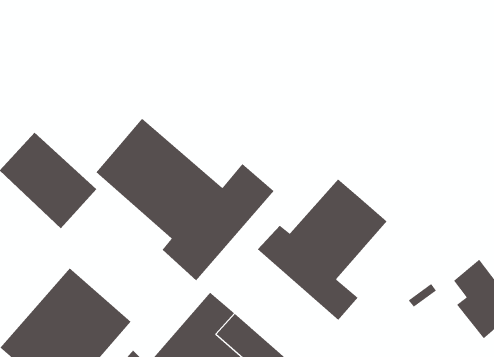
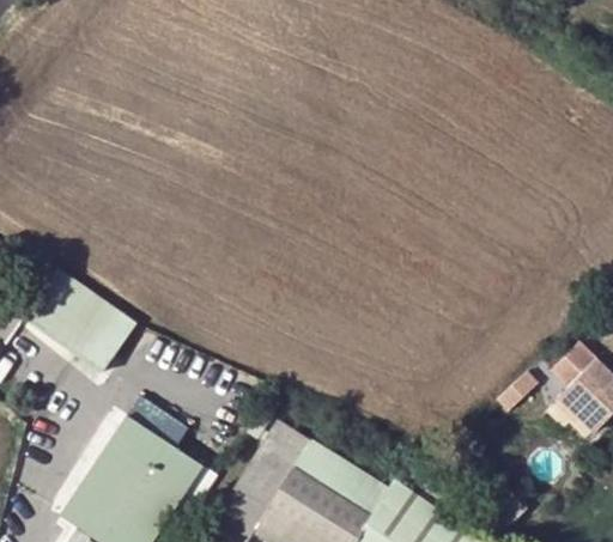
building: [96,118,274,281] -> none
building: [257,178,388,321] -> none

